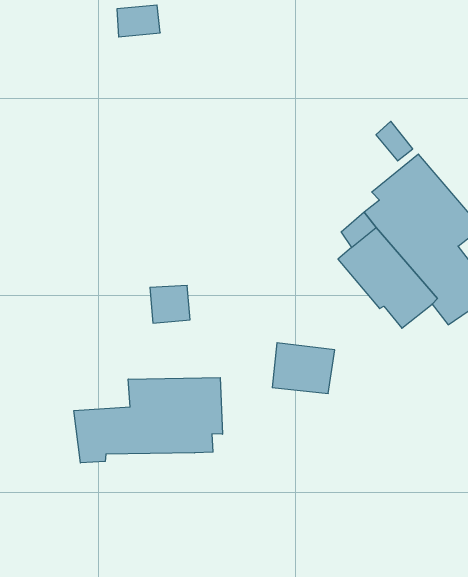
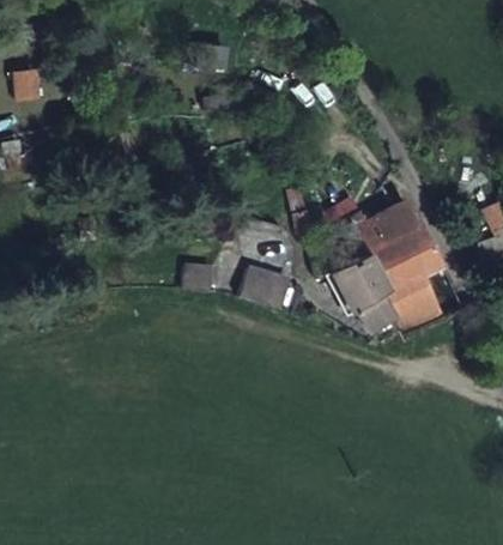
building: [272,343,335,393] -> [237,265,290,310]
building: [74,378,222,463] -> none

